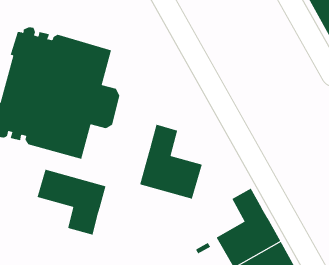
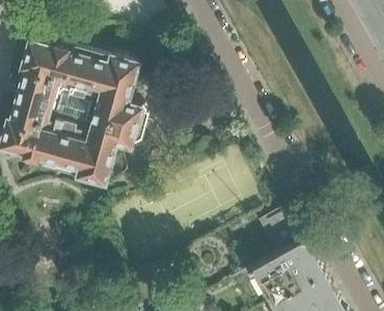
building: [139,124,202,200] -> none
building: [37,169,106,236] -> none

